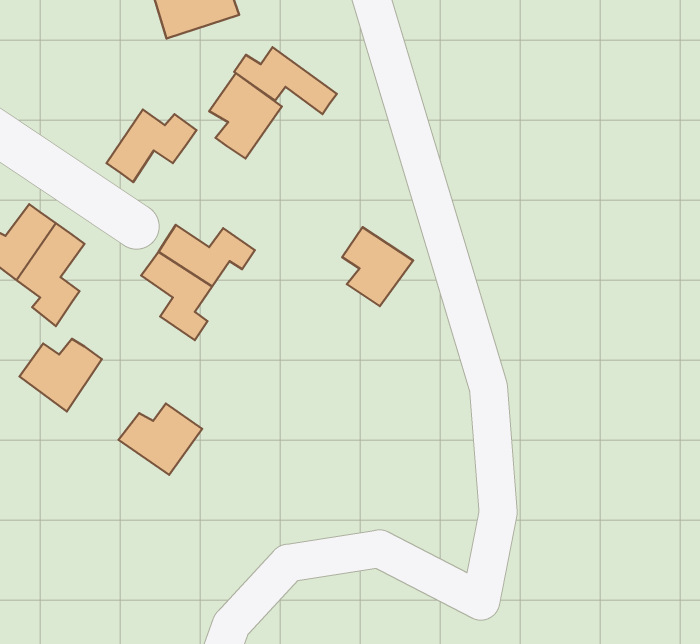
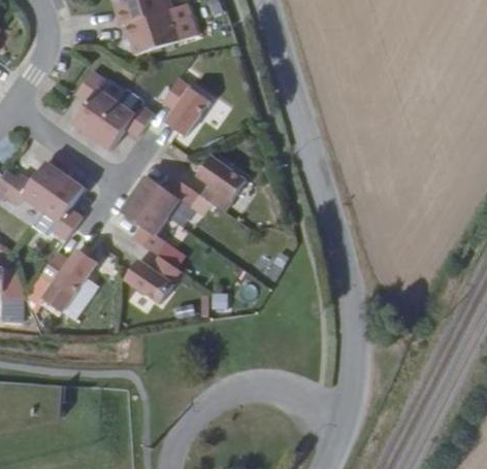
building: [234,47,337,114] -> none
building: none -> [76,72,122,136]
building: [342,227,413,306] -> [195,157,241,208]
building: [119,404,202,475] -> [127,253,182,299]

